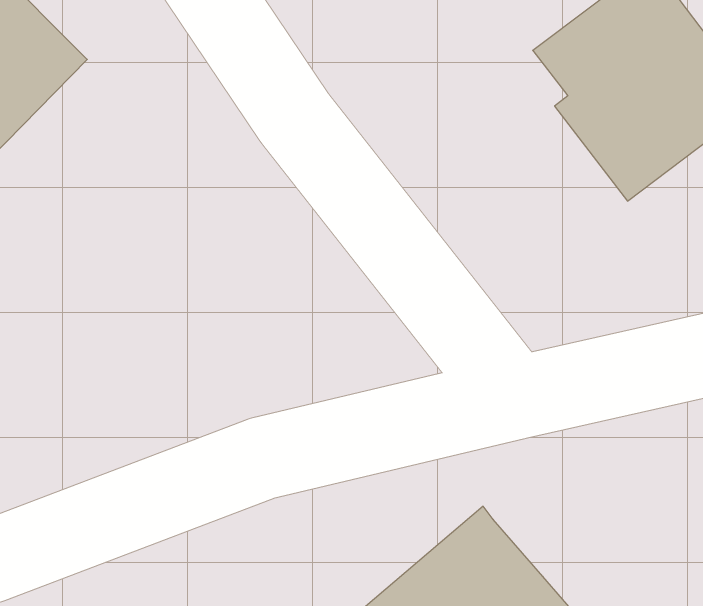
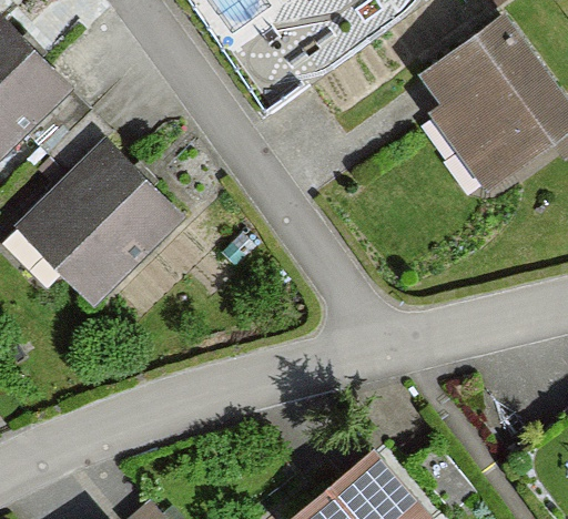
building: none -> [16,141,182,307]

